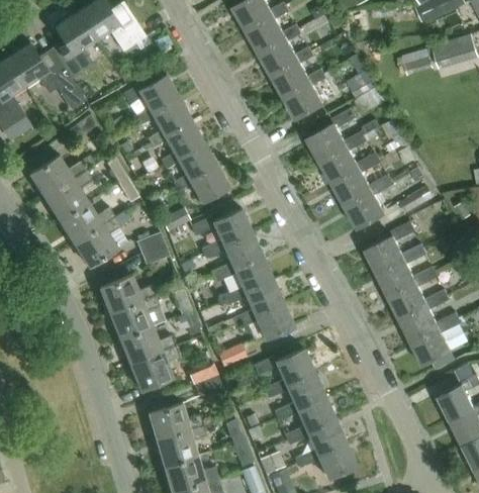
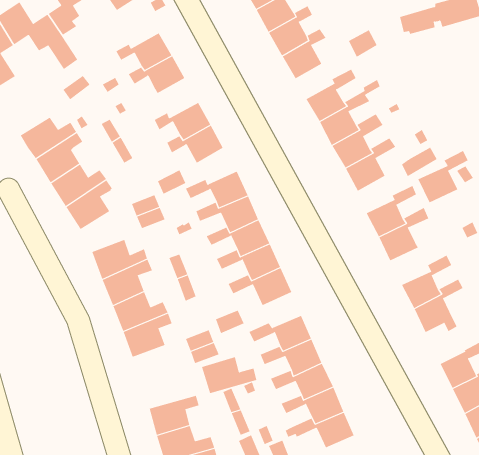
building: [148,118,203,157] -> none
building: [389,268,439,319] -> [418,150,469,203]
building: [147,403,201,439] -> [201,356,257,394]

